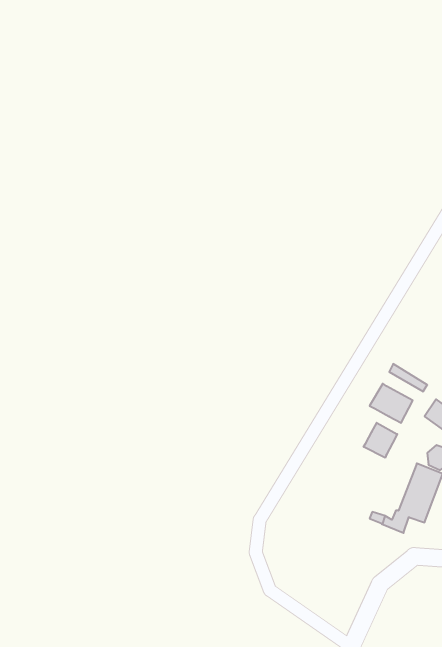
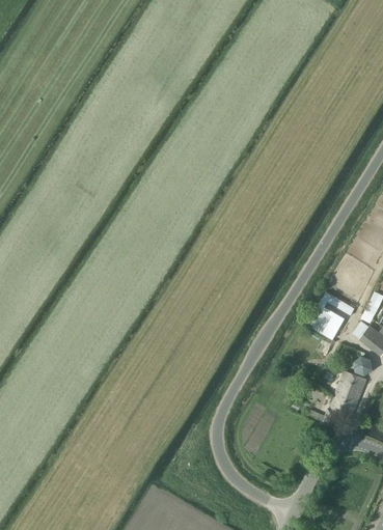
building: [364,423,397,458] -> none

